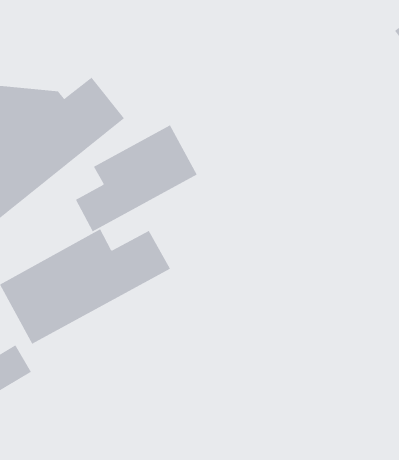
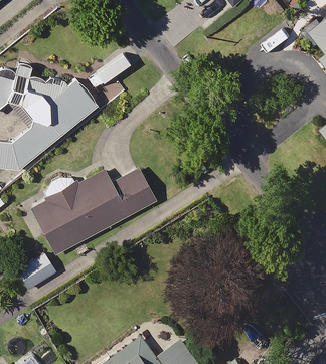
building: [75,125,198,232] -> none

